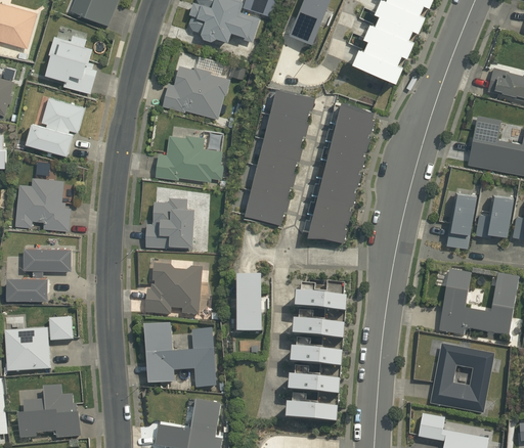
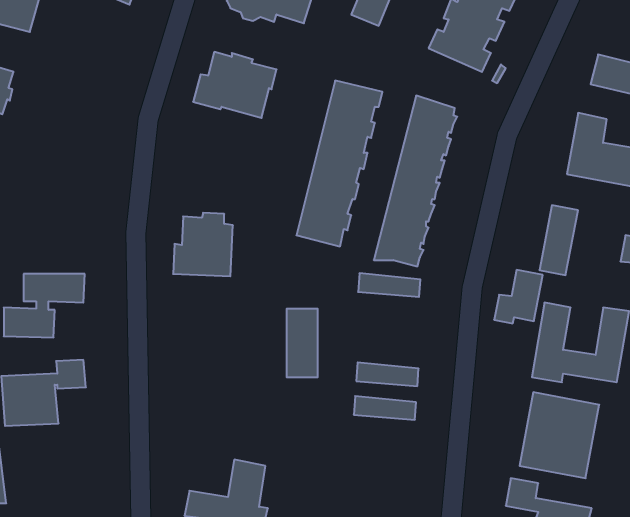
building: [43,34,95,93] -> none
building: [24,97,83,154] -> none
building: [154,134,222,181] -> none
building: [13,178,69,231] -> none
building: [473,192,513,236] -> [494,270,543,323]
building: [144,263,201,315] -> none
building: [296,292,347,311] -> [358,273,420,297]
building: [141,323,215,388] -> none
building: [289,375,341,394] -> none
building: [15,385,80,438] -> none
building: [288,403,338,421] -> none

